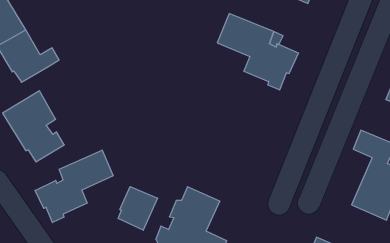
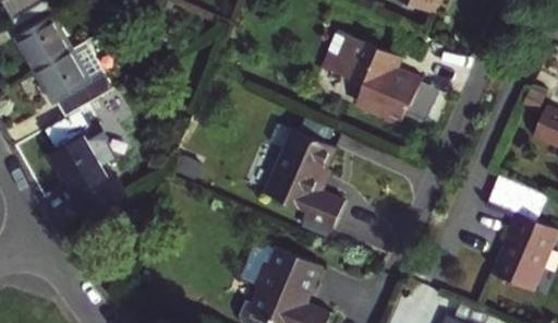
building: none -> [264,128,344,230]
building: [35,150,113,223] -> none
building: [118,187,158,230] -> none

